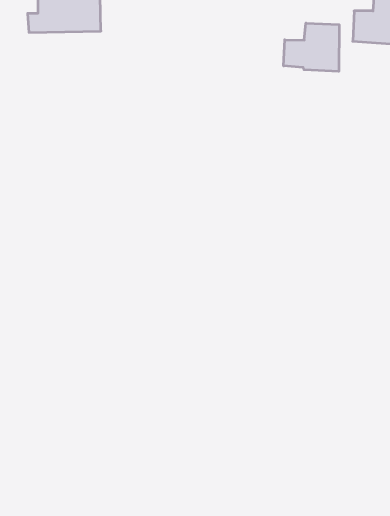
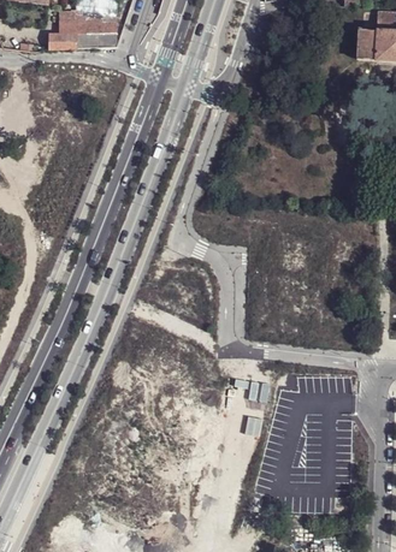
building: [284,23,339,71] -> none

